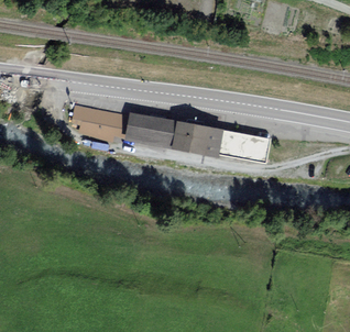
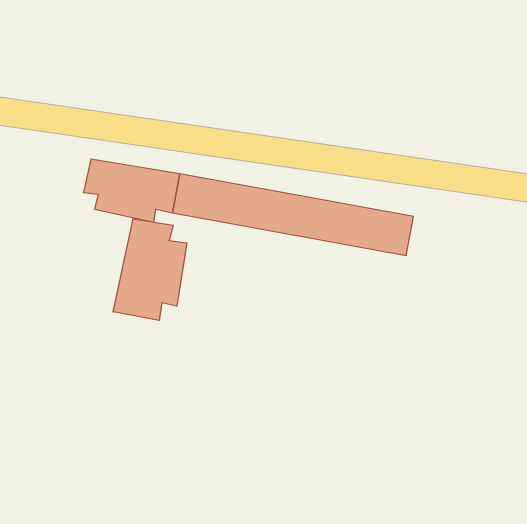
building: none -> [113,219,187,321]

